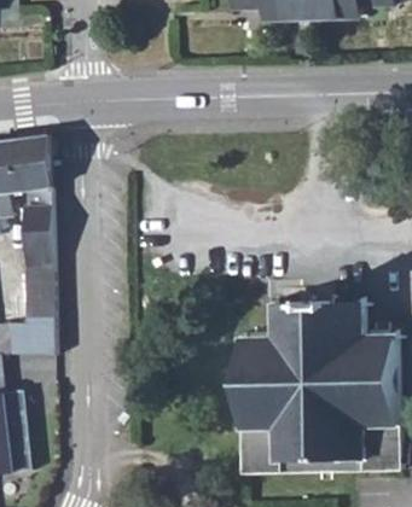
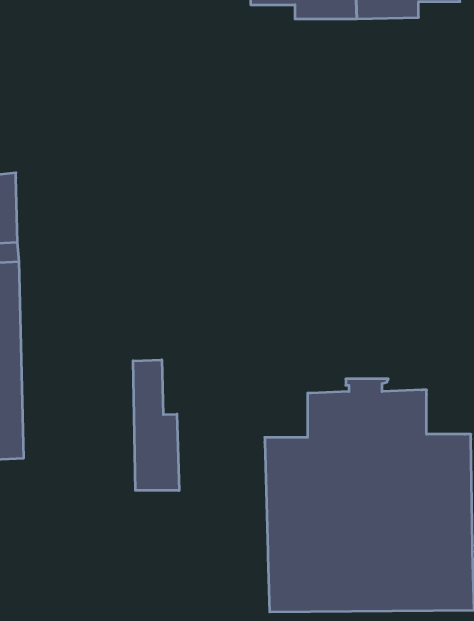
building: none -> [133,360,179,491]

